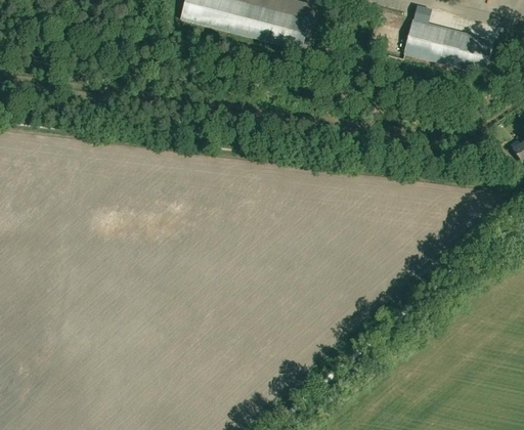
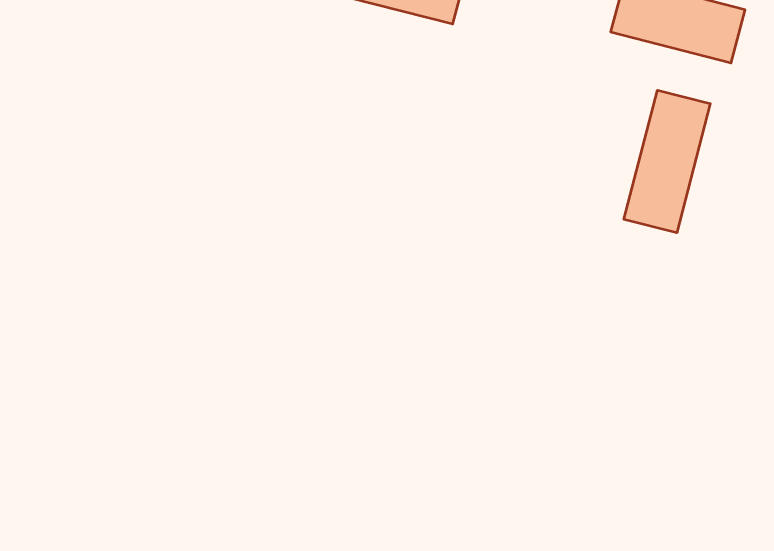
building: none -> [624,90,710,233]

